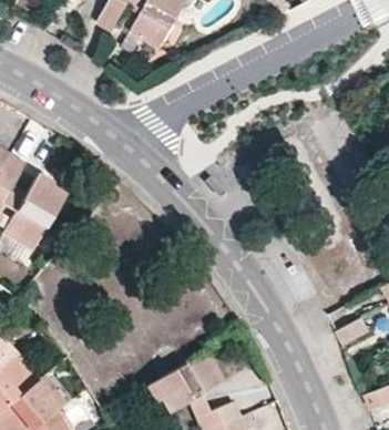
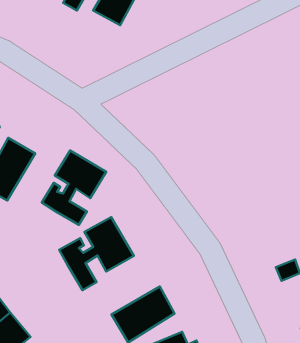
building: none -> [42,151,106,225]
building: none -> [59,217,134,290]

